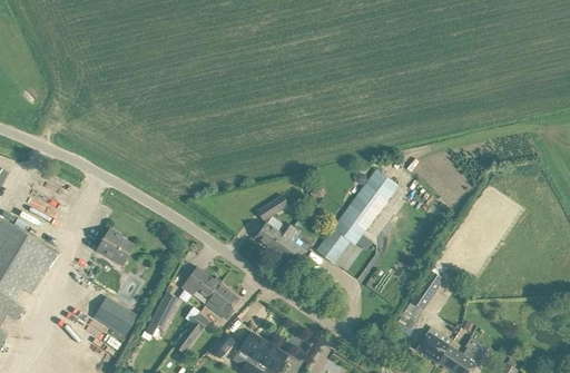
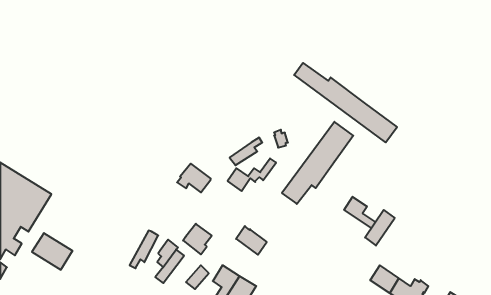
building: none -> [294,63,397,142]
building: [97,228,135,266] -> none
building: [272,234,306,266] -> [236,226,267,255]
building: none -> [344,197,375,228]
building: [183,267,220,300] -> [177,164,211,192]
building: [91,295,137,336] -> [32,233,73,270]

